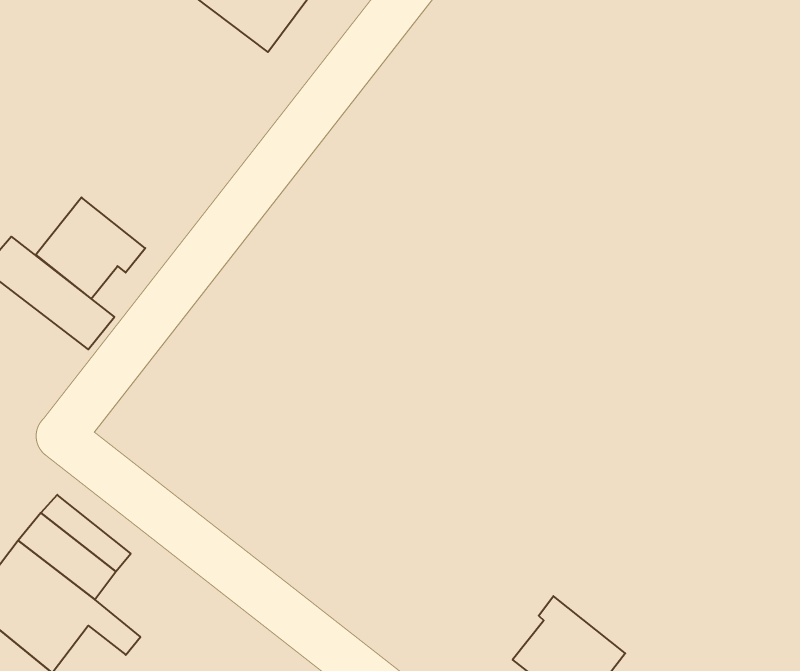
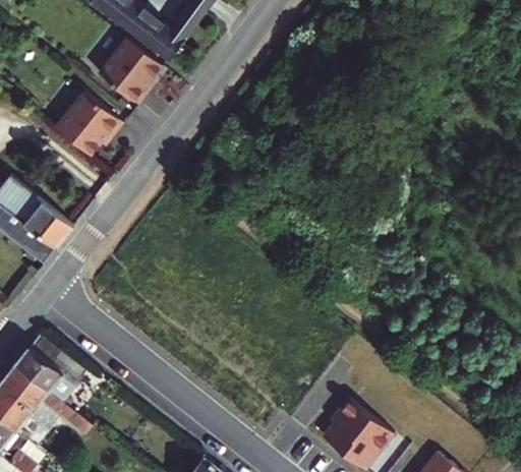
building: none -> [98,38,161,106]
building: [36,197,145,299] -> [54,93,122,156]

